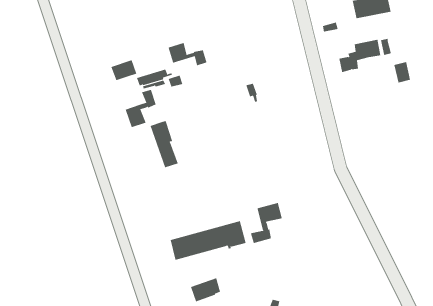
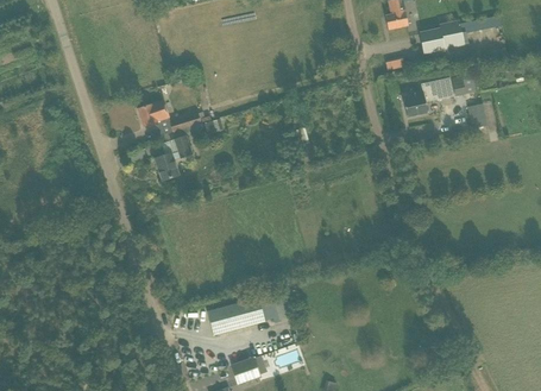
building: [168,42,207,66] -> none
building: [150,121,179,168] -> none
building: [250,202,283,244] -> none

